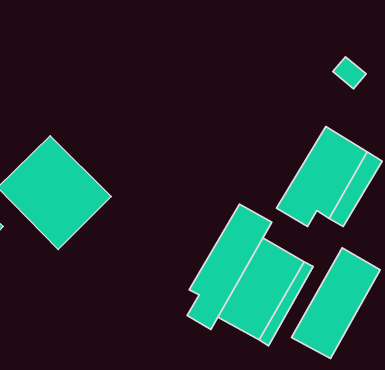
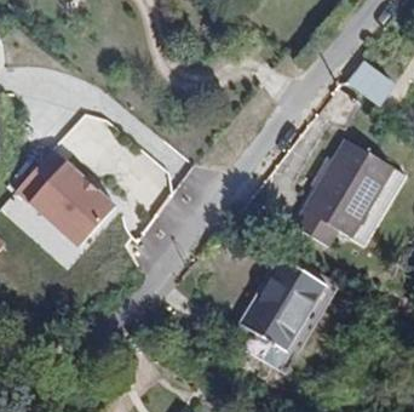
building: [187,204,272,330] -> none
building: [292,248,380,359] -> none

